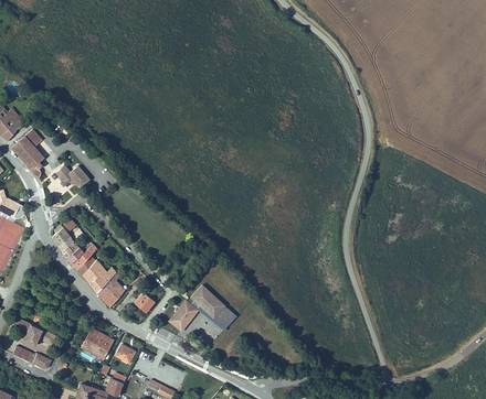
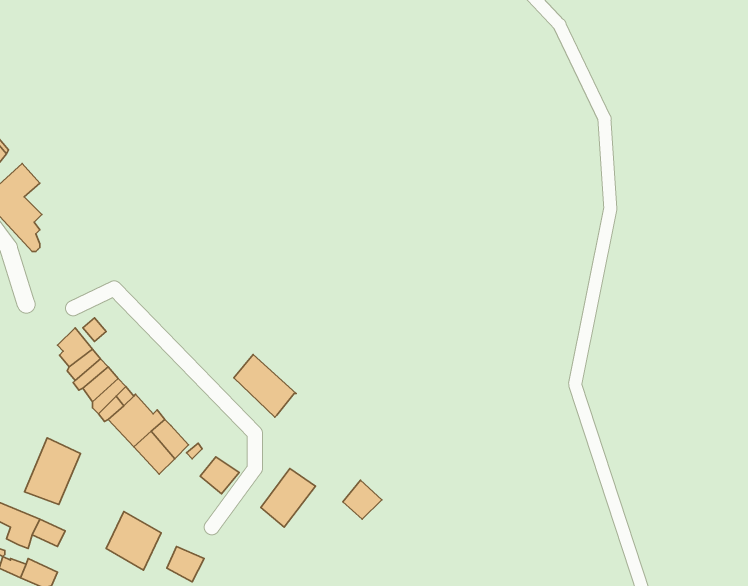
building: [56,166,91,191] -> none
building: none -> [25,438,80,504]
building: [190,285,225,321] -> [234,355,296,417]

